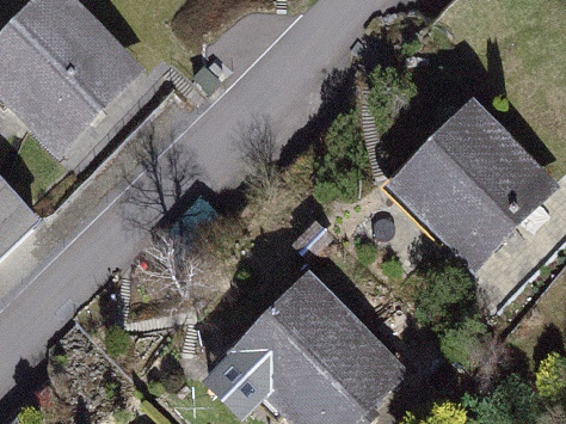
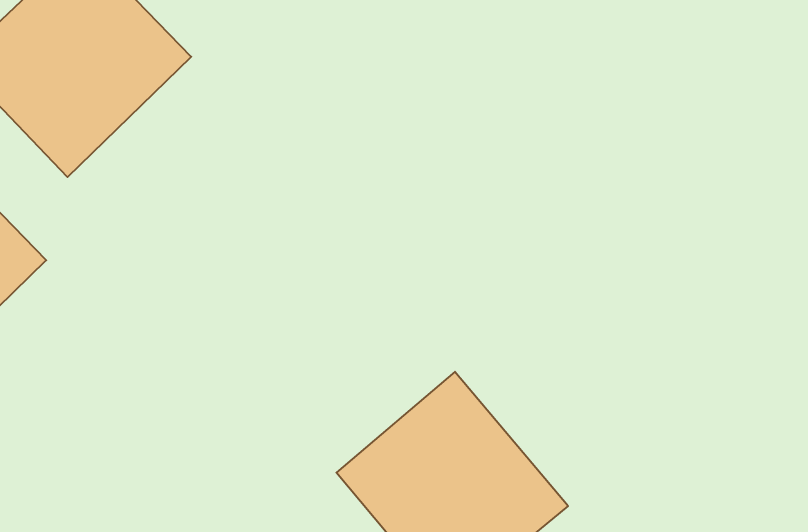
building: [402,112,547,256] -> none

